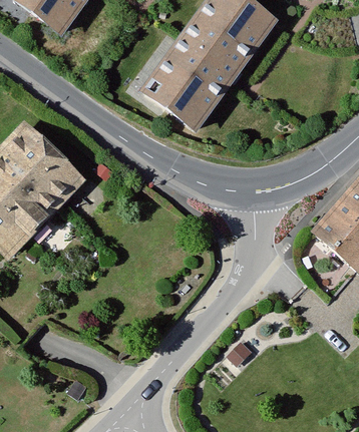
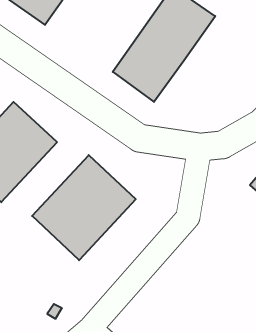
building: none -> [32,155,136,260]

